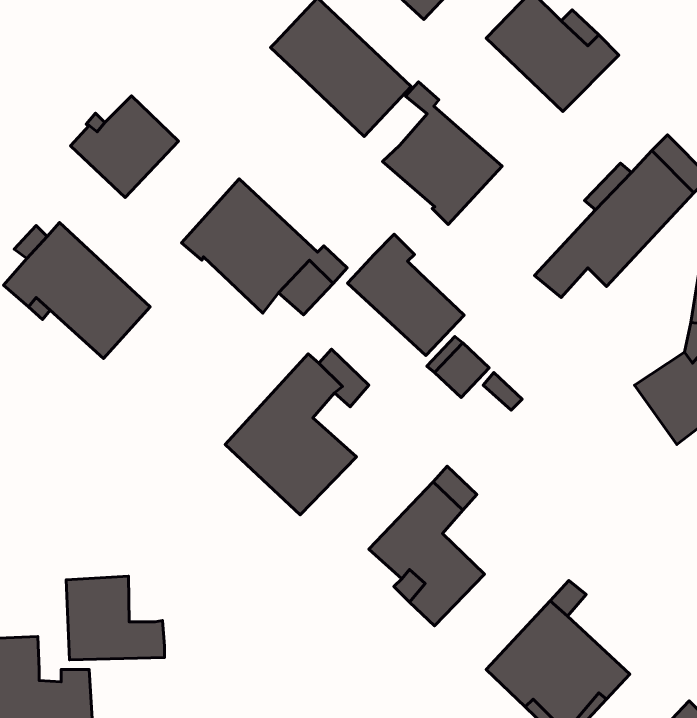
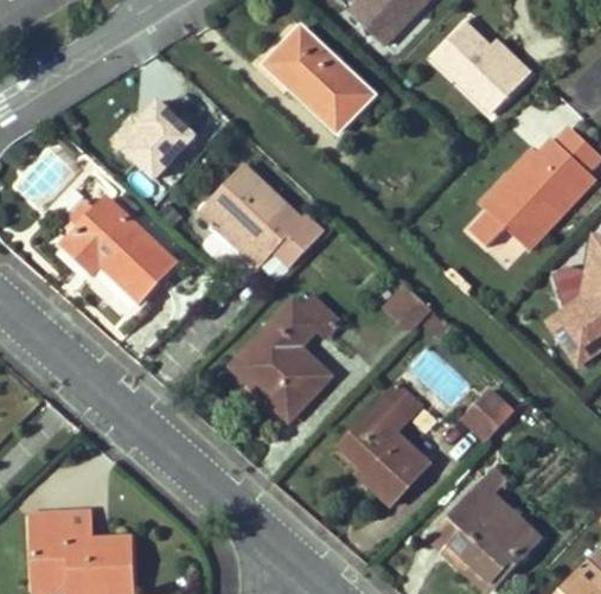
building: [383,82,502,224] -> none
building: [347,234,464,356] -> none
building: none -> [463,392,512,441]
building: [66,576,164,660] -> none

